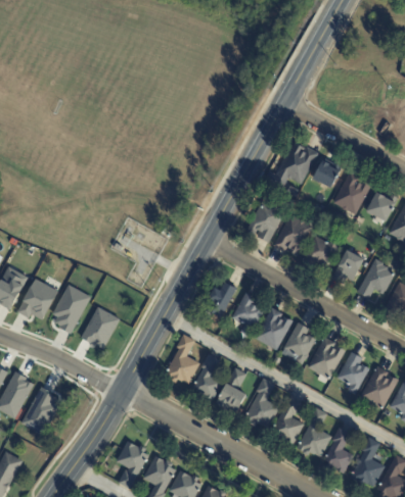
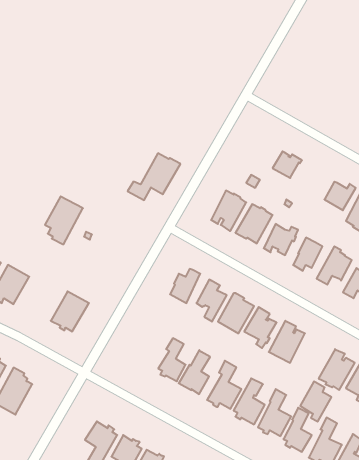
building: [263,142,318,191] -> [128,153,180,200]
building: [333,171,371,214] -> none
building: [51,284,91,334] -> [45,196,83,244]
building: [165,336,199,385] -> none
building: [336,352,369,394] -> [300,381,331,422]

